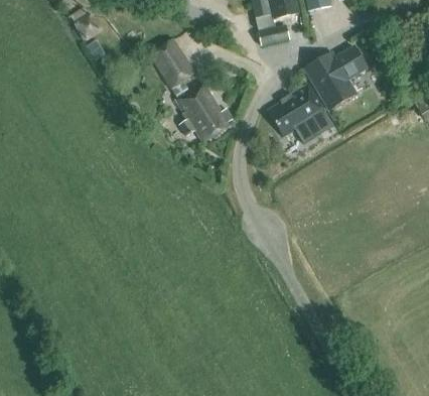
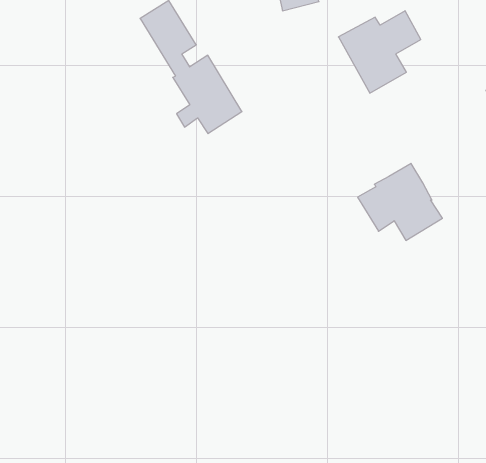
building: [267,84,332,143] -> [358,163,442,240]

